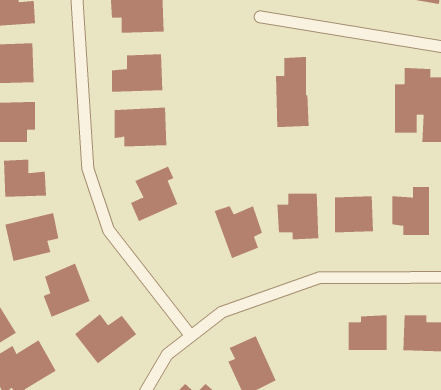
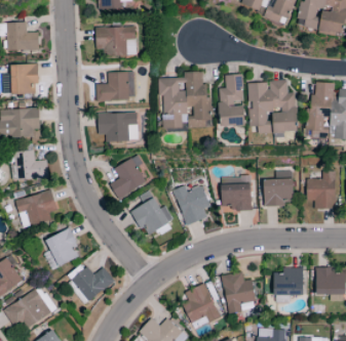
building: none -> [158,72,212,128]
building: none -> [248,80,298,133]
building: none -> [132,190,175,236]
building: none -> [223,272,257,312]

